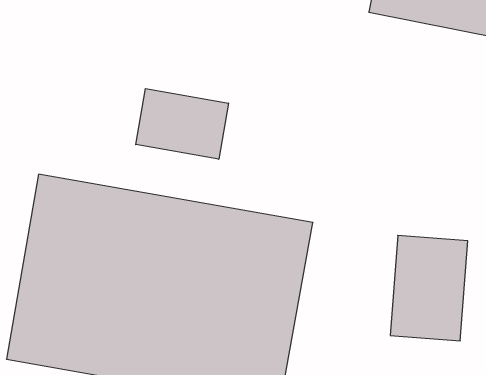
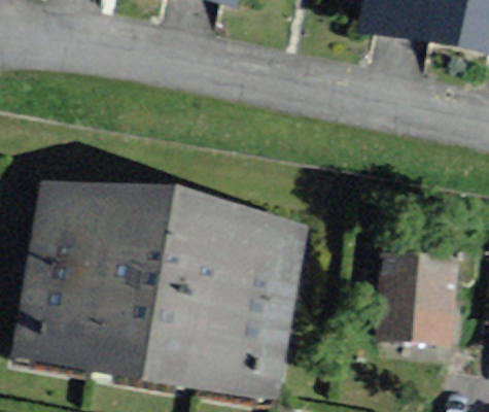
building: [136,89,228,159] -> none

